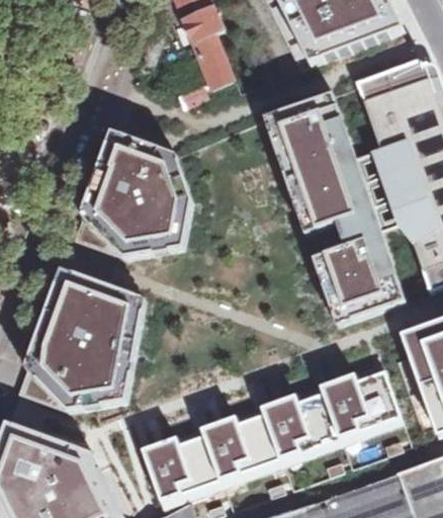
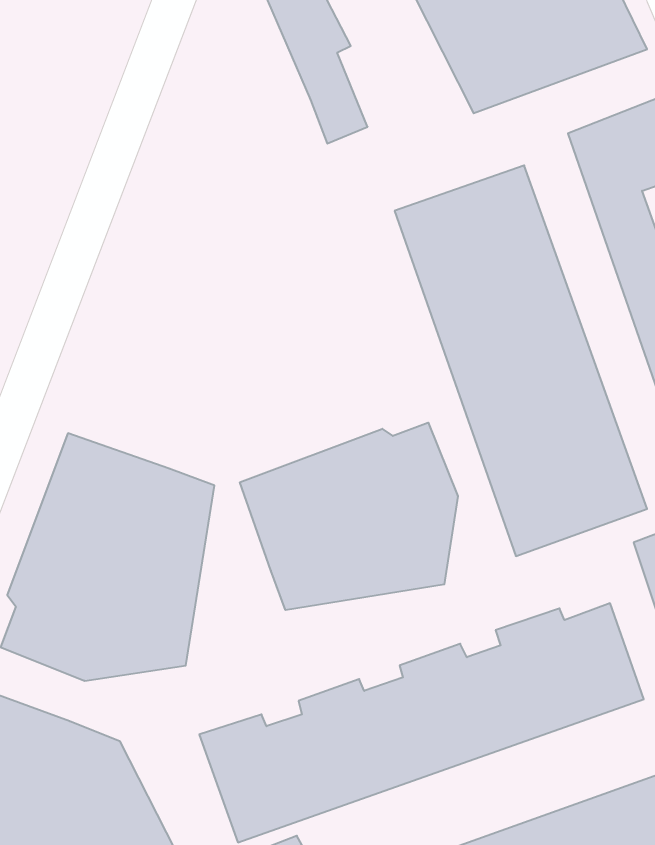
building: [74,125,199,262] -> none
building: none -> [240,423,458,610]

